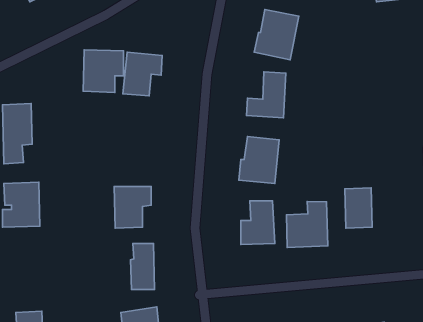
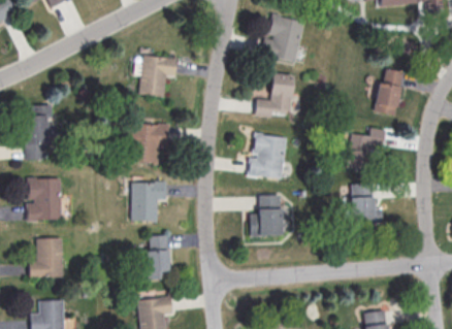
building: [83,50,124,92] -> [129,123,167,163]
building: none -> [375,69,401,113]
building: none -> [348,128,385,167]
building: [286,202,328,248] -> none
building: none -> [28,237,62,277]

